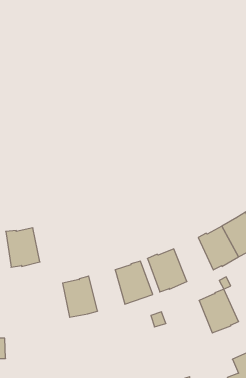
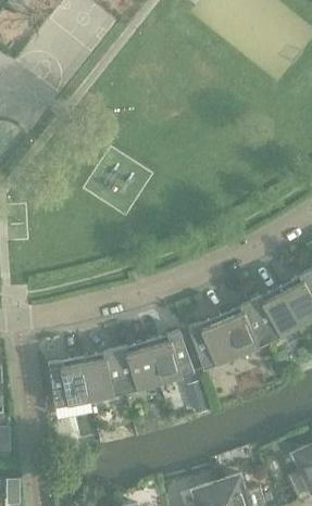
building: [6,228,40,267] -> [48,358,90,407]
building: none -> [114,342,159,393]
building: [199,289,239,333] -> [220,302,269,356]

